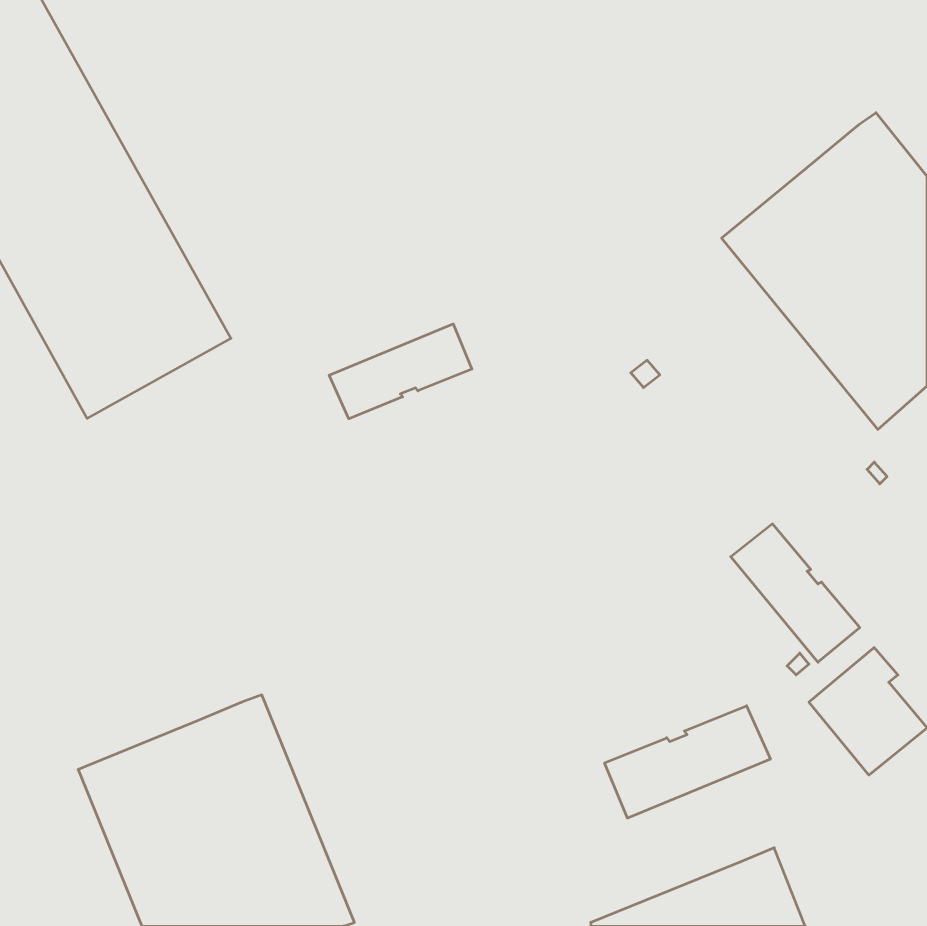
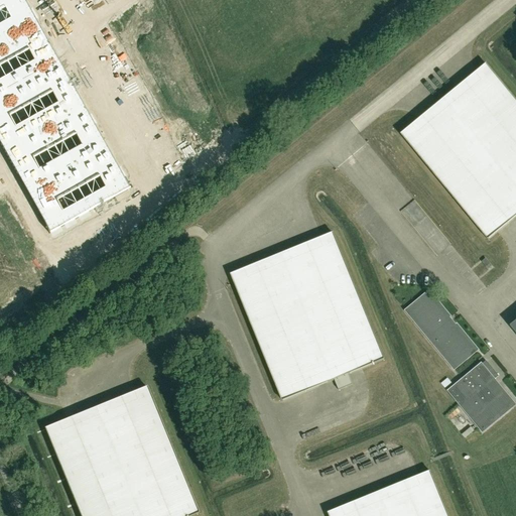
building: [329,324,472,419] -> none
building: none -> [230,231,384,399]
building: [605,706,770,818] -> none

